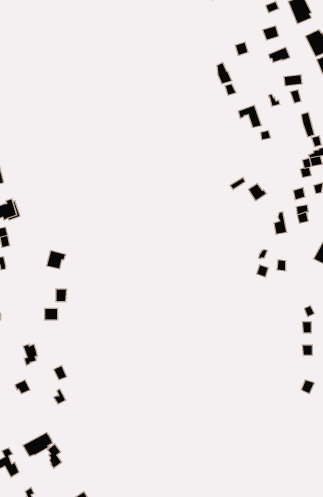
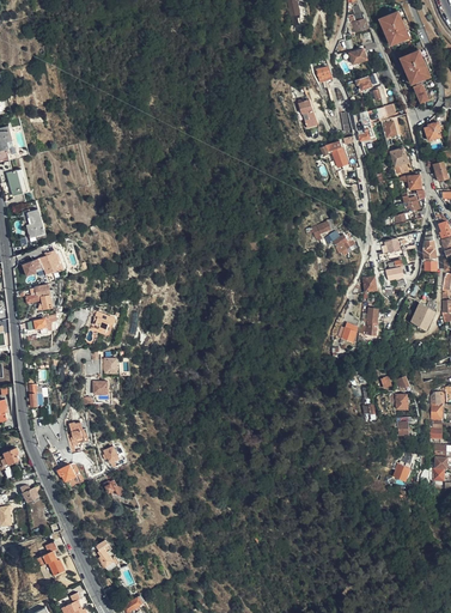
building: [23,433,53,456] -> none

